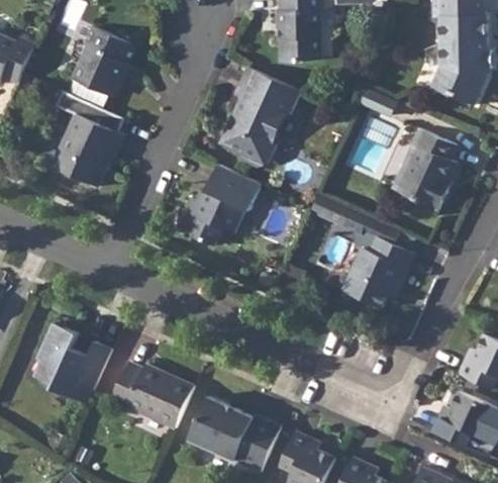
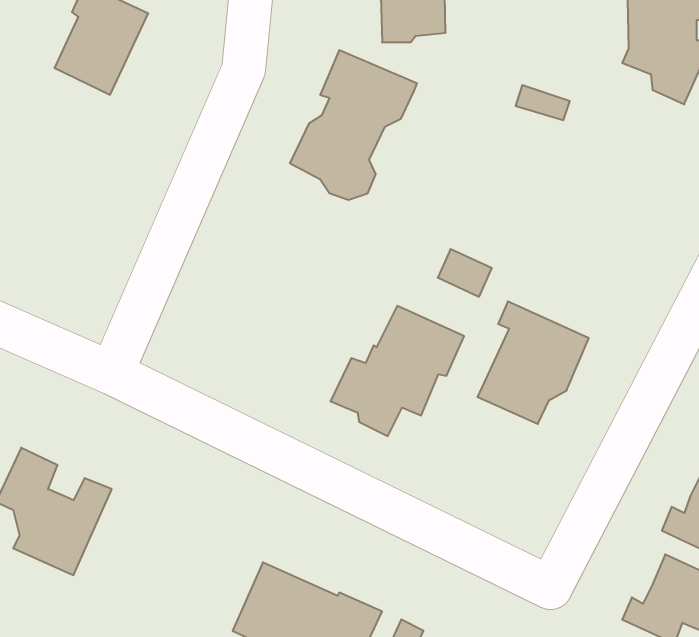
building: [49,91,122,187] -> none
building: [398,127,458,209] -> none
building: [176,164,261,247] -> [330,306,464,436]
building: [110,362,193,429] -> none

